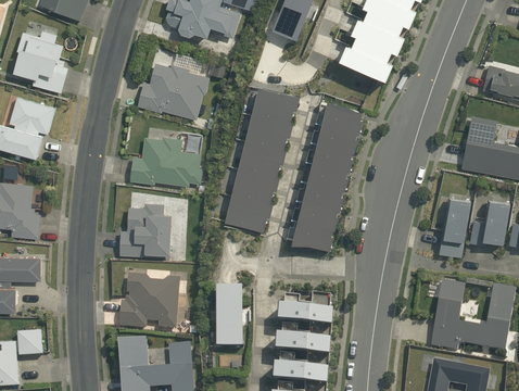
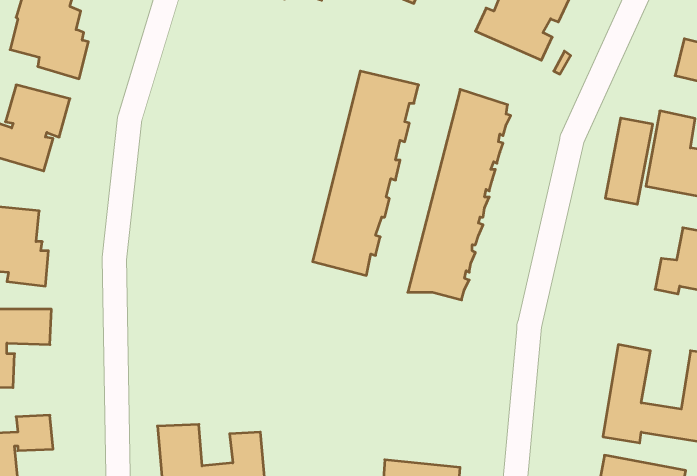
building: [135,62,207,119] -> none
building: [128,136,201,186] -> none
building: [436,195,470,256] -> [605,118,653,204]
building: [117,202,169,257] -> none
building: [118,273,178,328] -> none
building: [216,286,243,345] -> none
building: [279,303,333,324] -> none
building: [277,332,331,353] -> none

